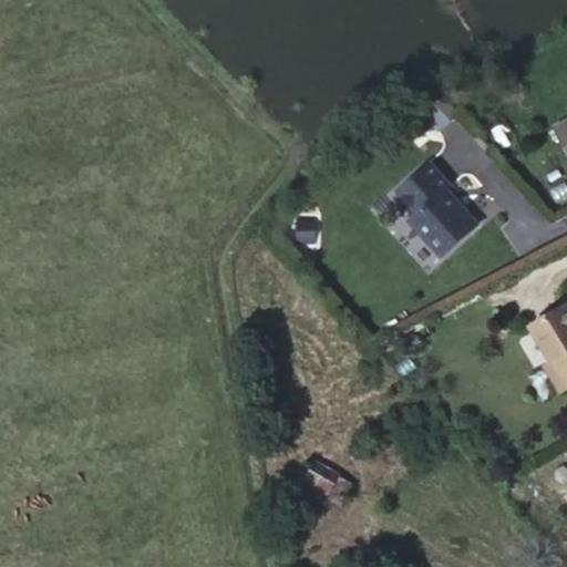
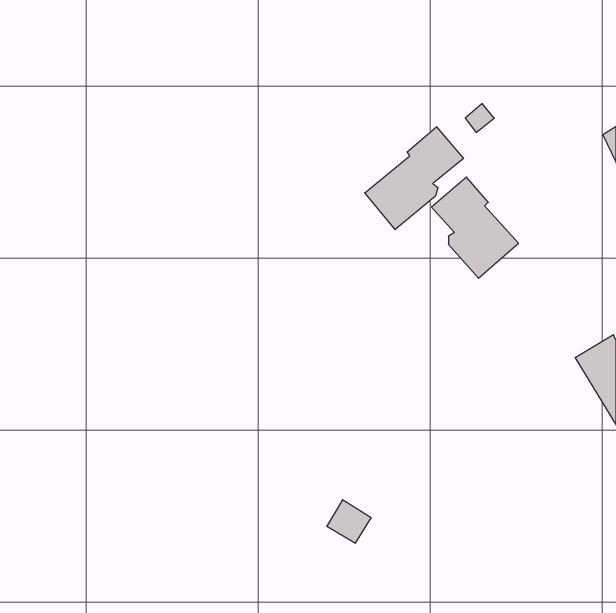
building: none -> [365,127,463,230]

